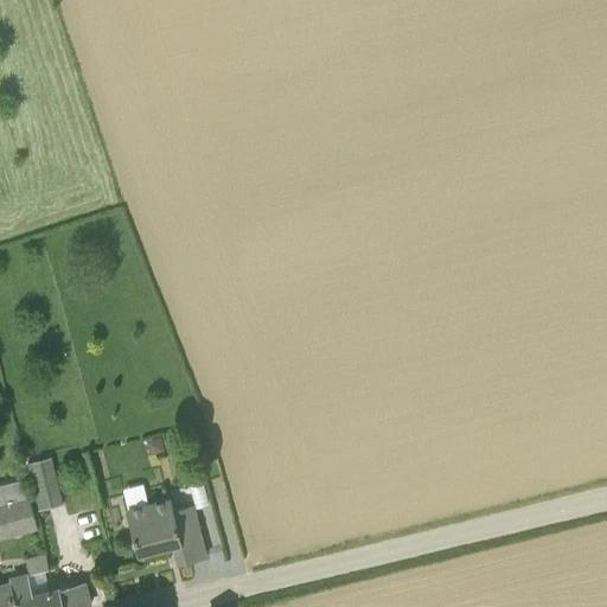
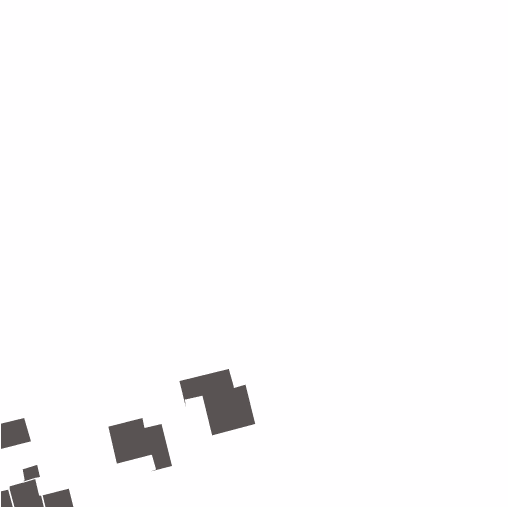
building: none -> [179,368,256,436]
building: [32,474,62,511] -> none

